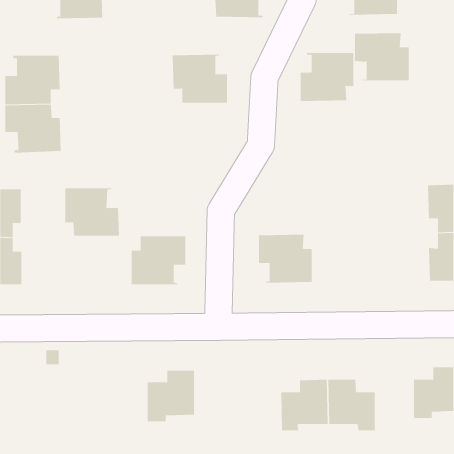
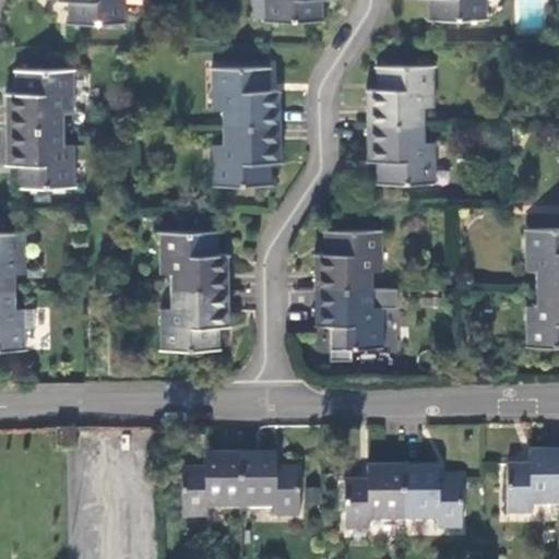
building: [354,33,409,81] -> [368,123,436,182]
building: none -> [213,127,280,185]
building: none -> [316,229,383,288]
building: [65,188,120,236] -> [160,230,228,289]
building: none -> [239,454,298,516]

